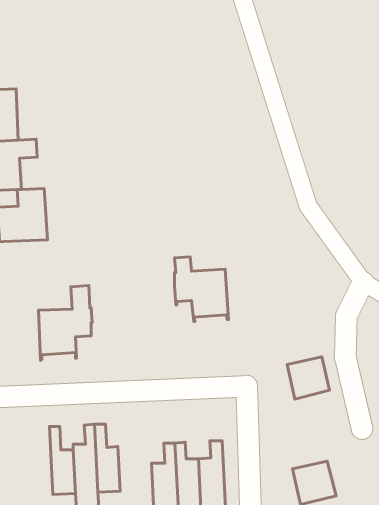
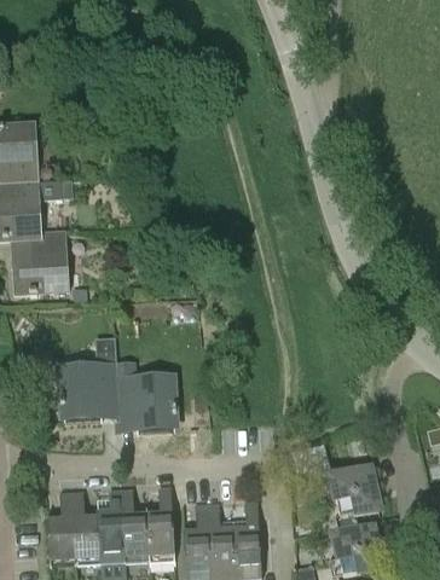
building: [175,257,228,322] -> [116,360,174,430]
building: [287,357,330,399] -> [331,469,377,515]
building: none -> [145,485,174,559]
building: none -> [46,489,75,564]

